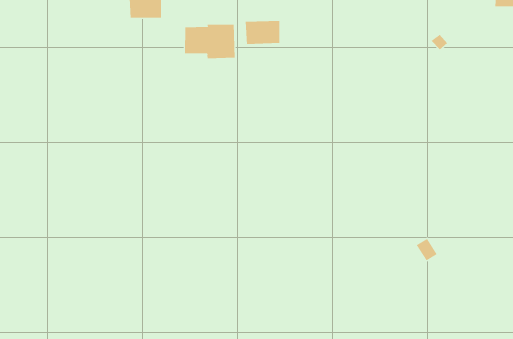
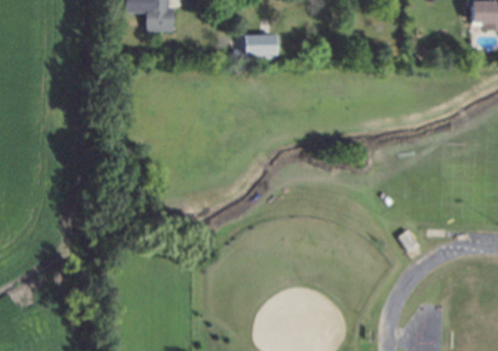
building: [184,24,235,59] -> none

